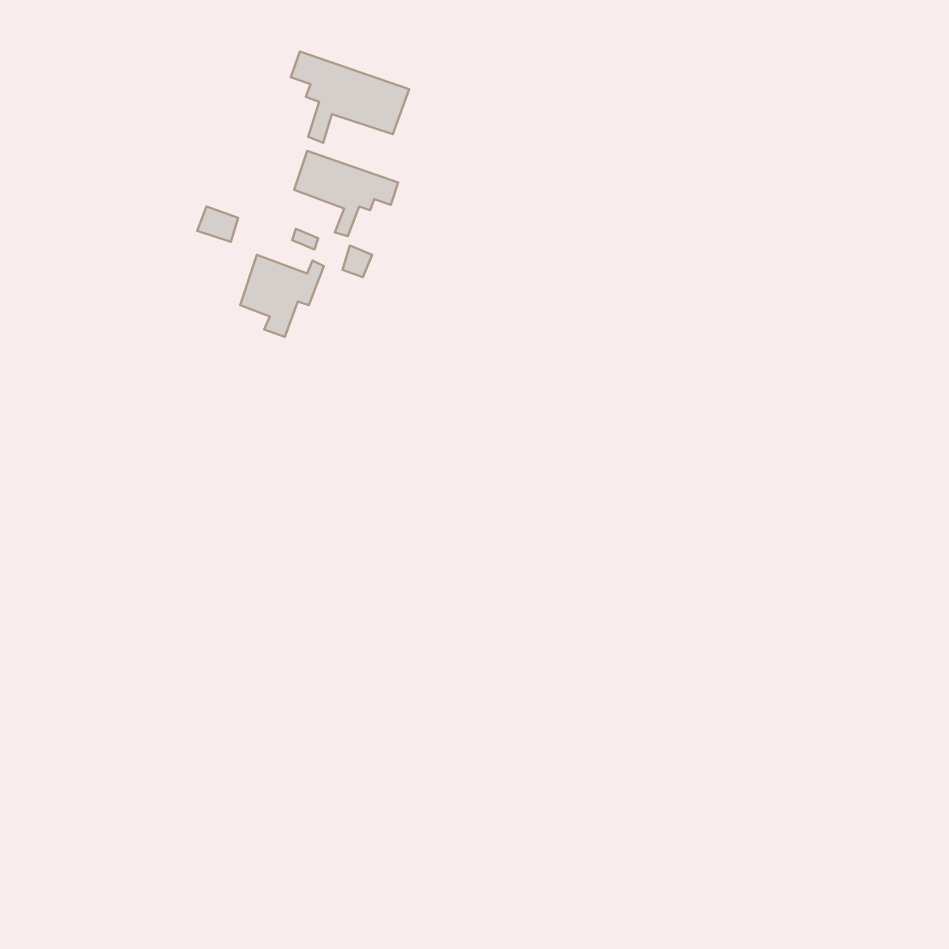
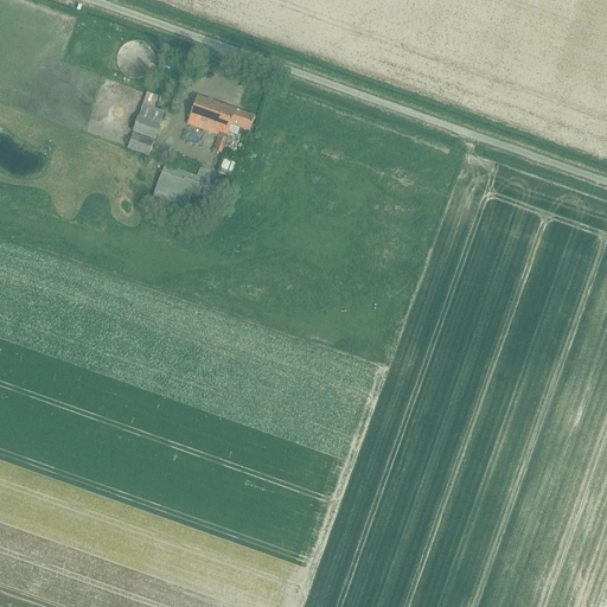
building: [291,51,409,143] -> none
building: none -> [133,90,164,138]

